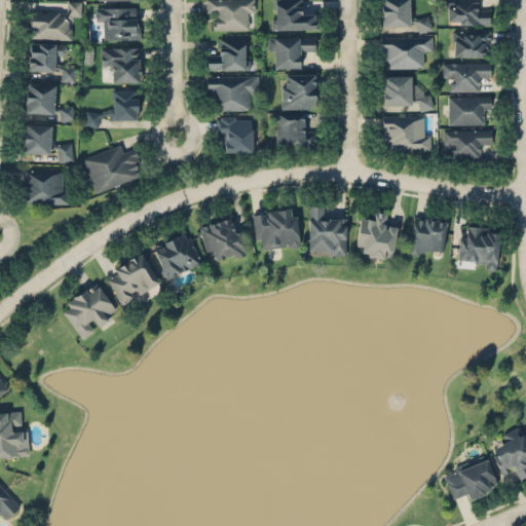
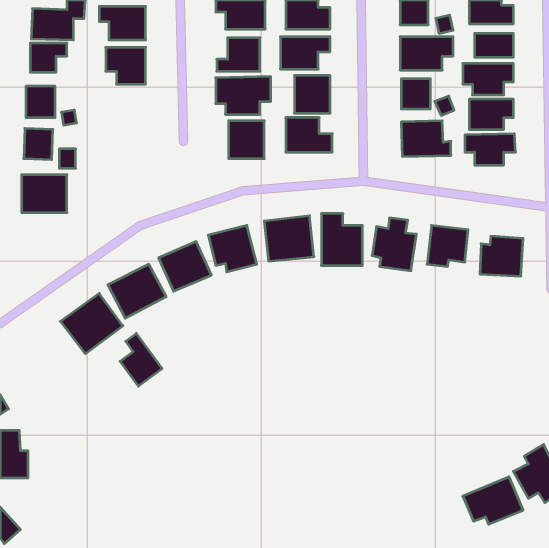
building: [86,91,139,128] -> none
building: [84,145,143,194] -> none
building: none -> [120,333,162,386]

